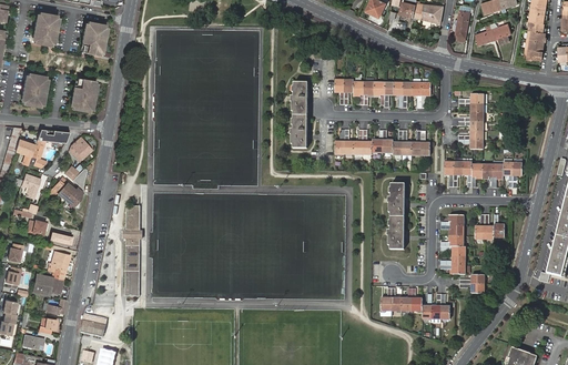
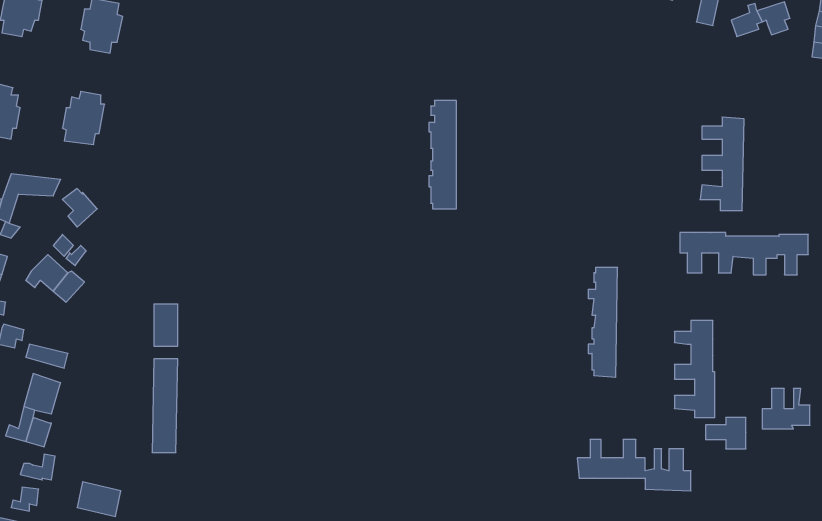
building: [334,79,429,108] -> none
building: [336,130,430,156] -> none
building: [475,215,504,240] -> [762,389,810,429]

